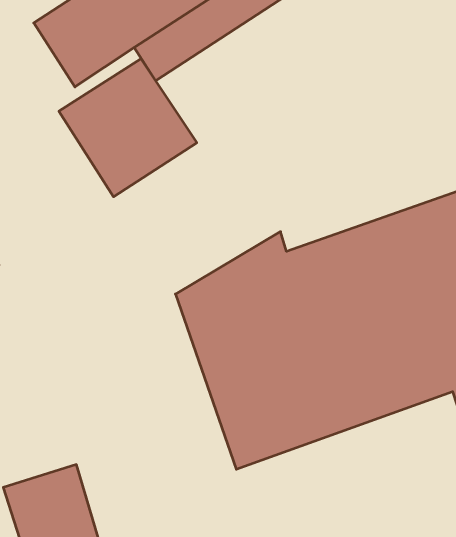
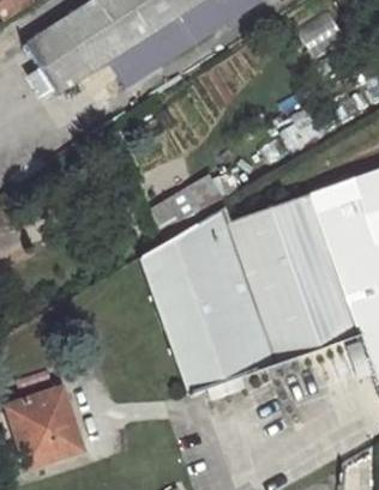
building: [59,59,197,197] -> none

